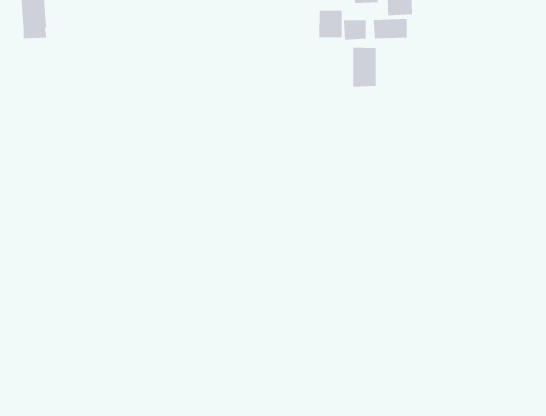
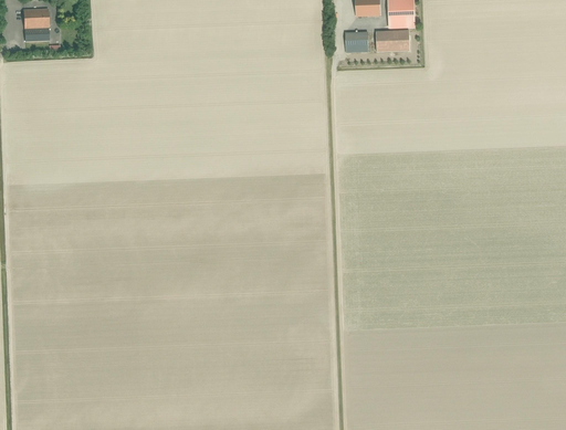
building: [319,10,343,38] -> none
building: [353,47,377,87] -> none

